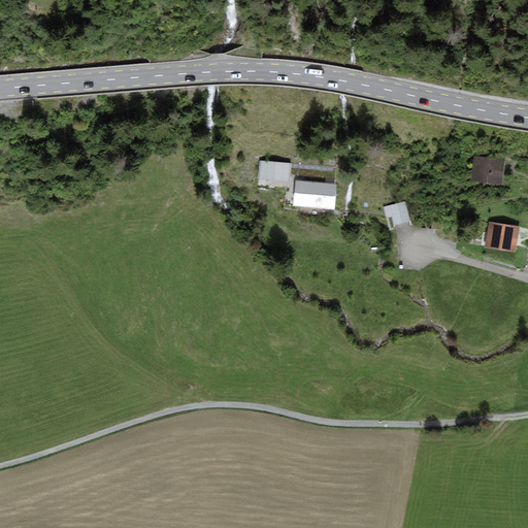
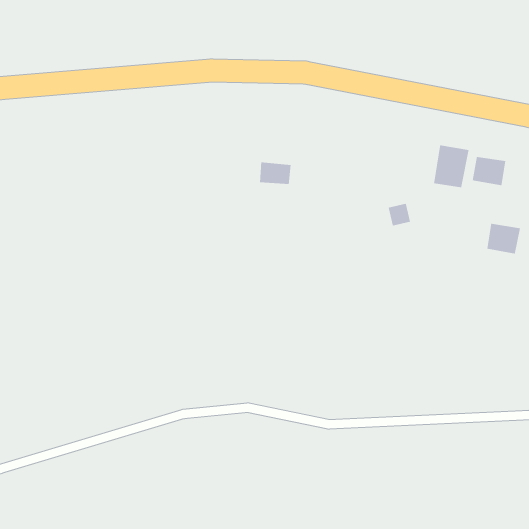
building: none -> [433,145,469,188]
building: [292,178,336,209] -> none

